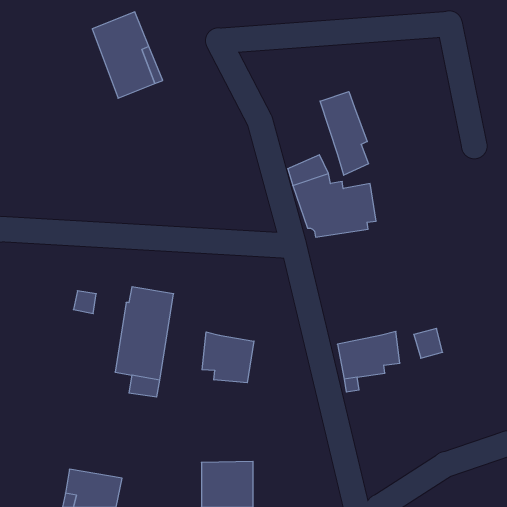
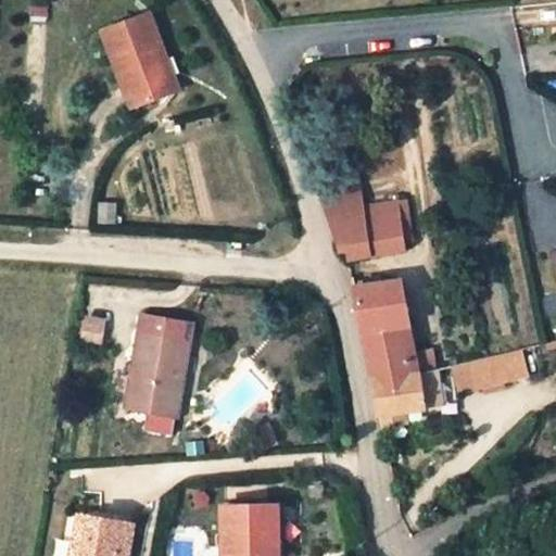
building: [320,92,369,175] -> none
building: none -> [353,278,416,377]
building: none -> [478,349,528,386]
building: [202,332,254,383] -> none

